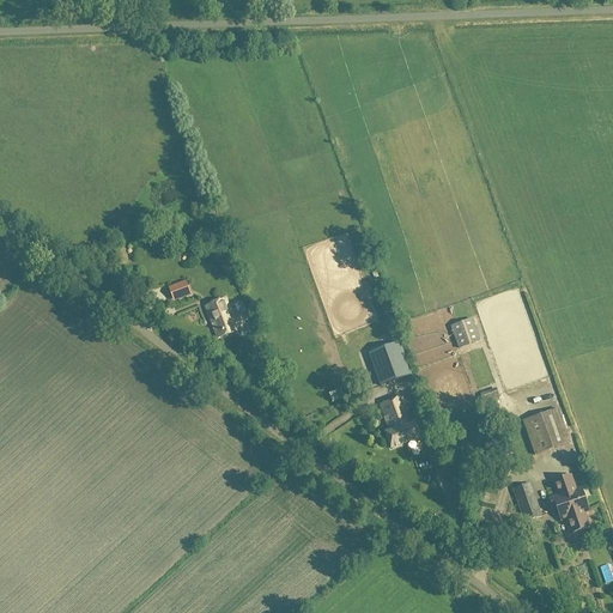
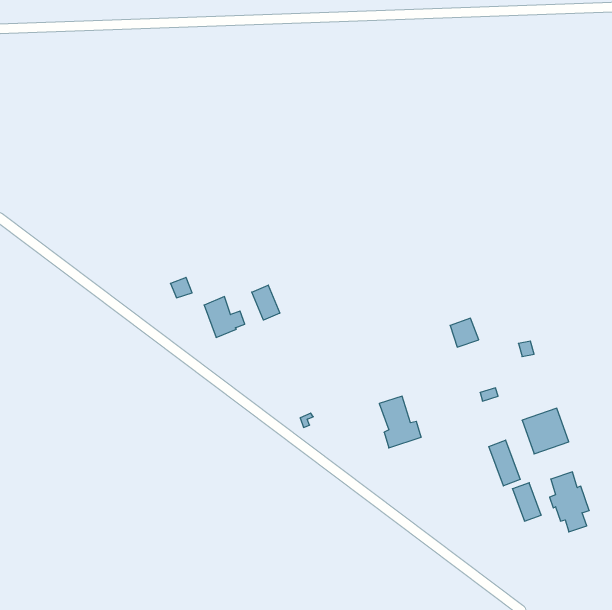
building: none -> [252,285,280,320]
building: [369,339,409,383] -> none
building: none -> [489,440,520,486]

